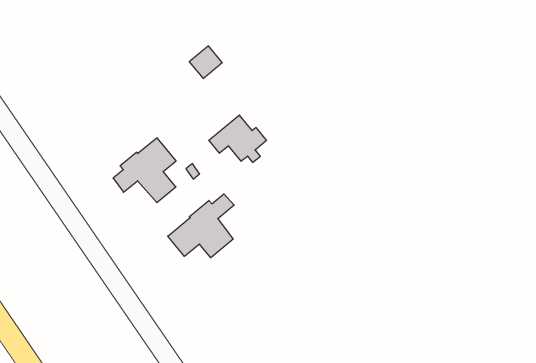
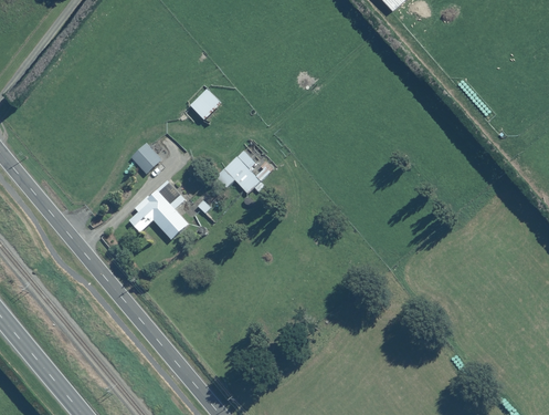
building: none -> [129,141,162,174]
building: [168,194,234,258] -> none

